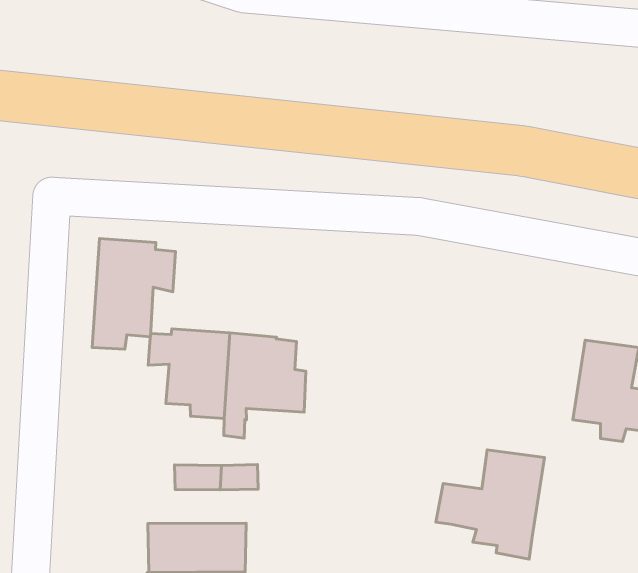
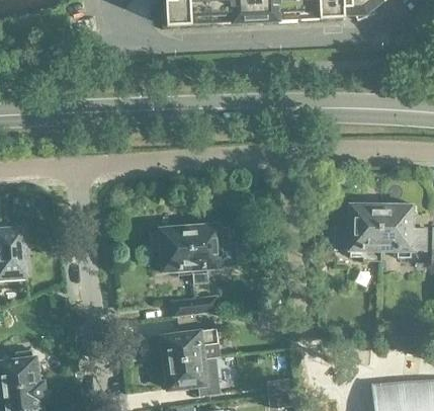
building: [92,239,176,349] -> none
building: [436,450,545,559] -> [329,206,382,261]

